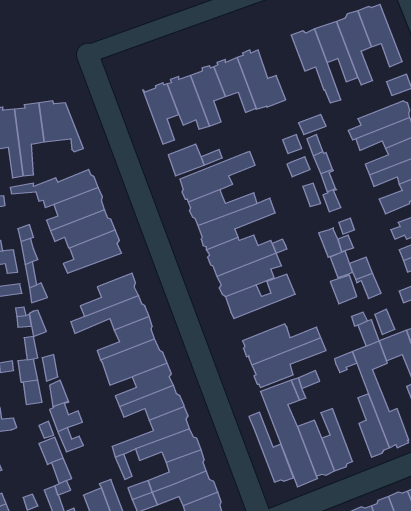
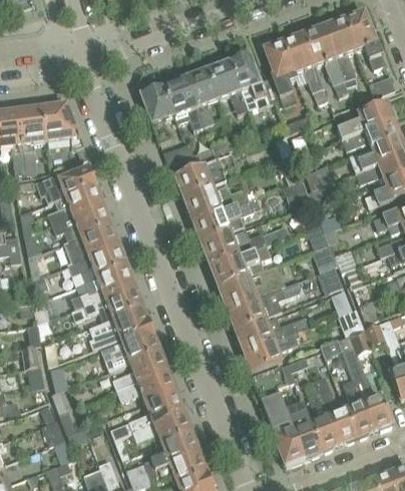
building: none -> [264,39,295,106]
building: none -> [68,246,129,282]
building: none -> [226,281,302,329]
building: [249,412,293,482] -> [314,377,356,443]

